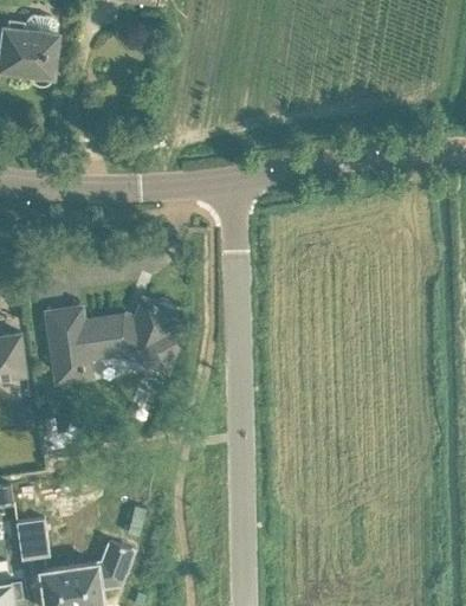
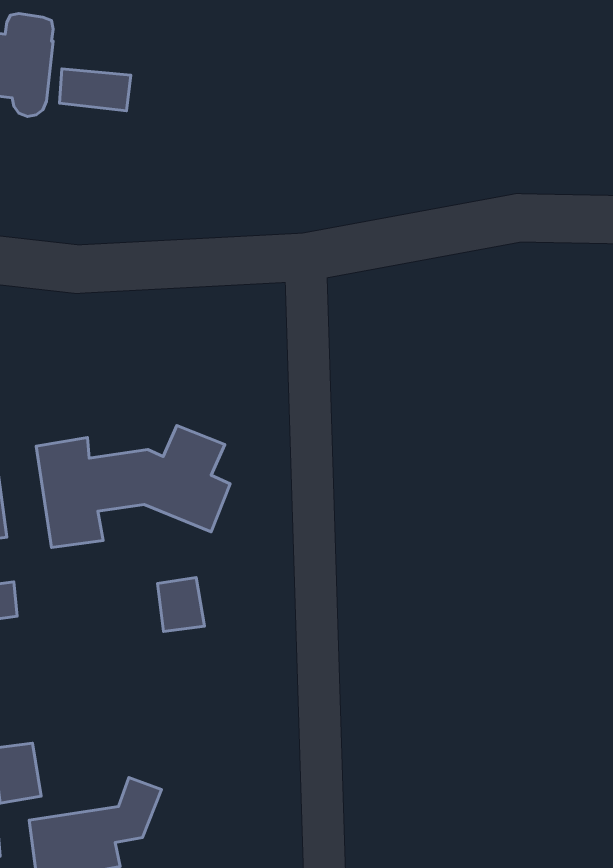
building: none -> [59,69,131,111]
building: none -> [157,578,205,631]

